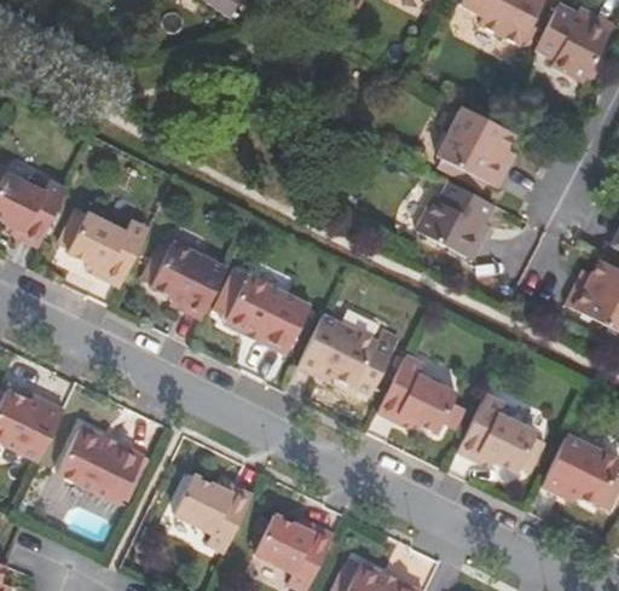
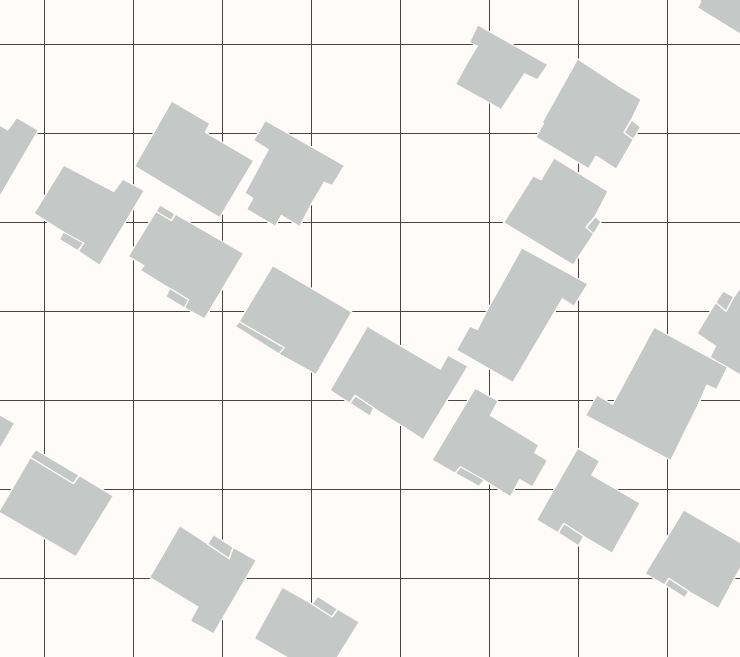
building: none -> [456,25,548,110]
building: none -> [135,101,254,218]
building: none -> [245,120,344,227]
building: none -> [457,248,588,383]
building: none -> [585,327,727,461]

